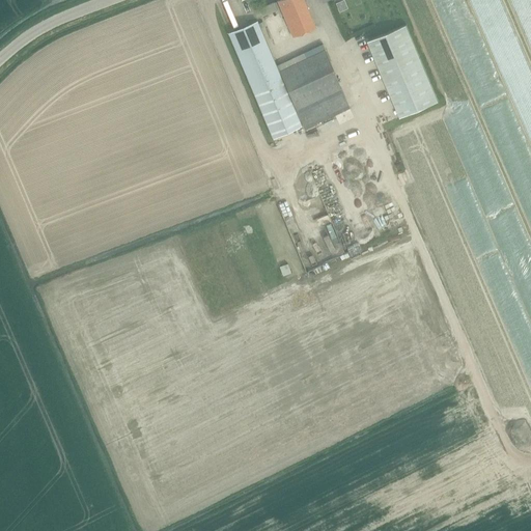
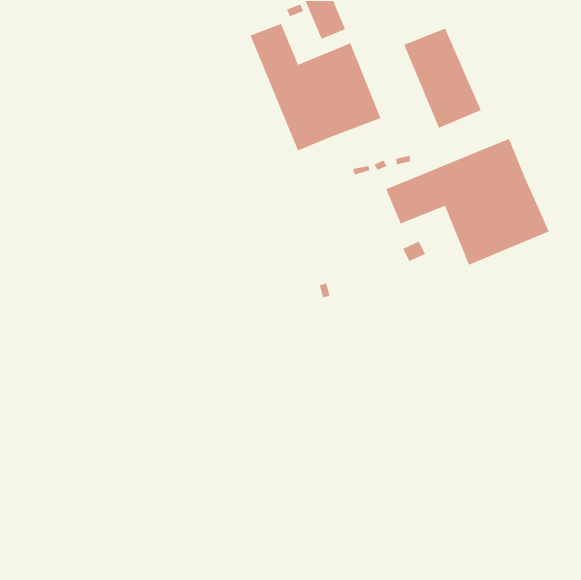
building: none -> [385,138,550,266]

